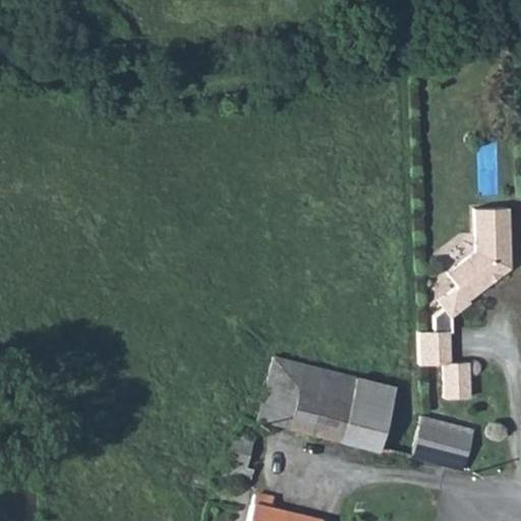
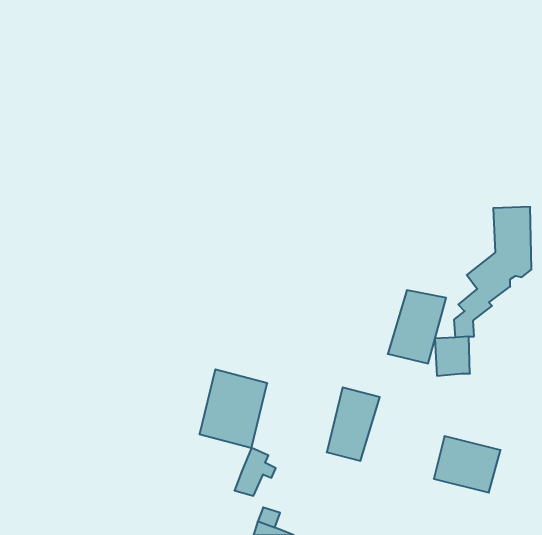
building: [443,357,470,392] -> none
building: [264,358,329,433] -> [199,369,267,448]
building: [346,381,402,451] -> [388,290,446,364]

